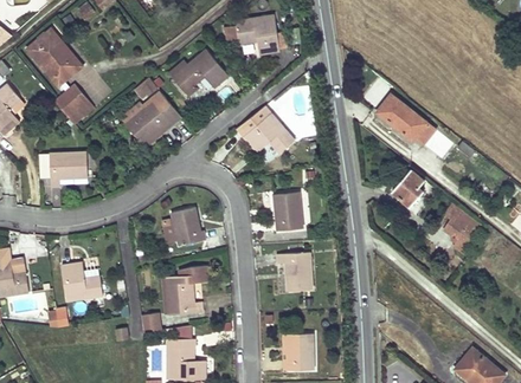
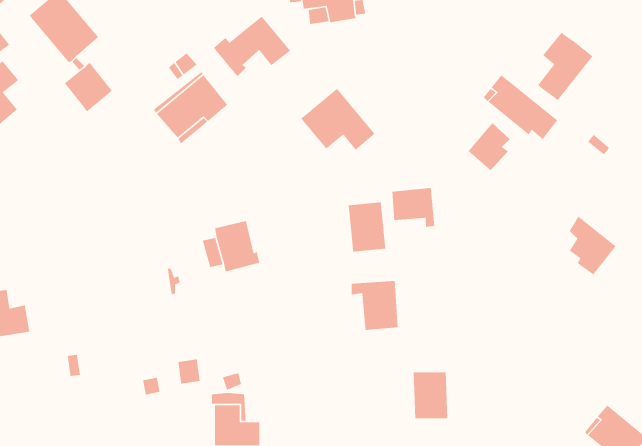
building: none -> [537,31,594,101]
building: [47,150,86,187] -> none
building: [391,168,424,206] -> [467,122,510,171]
building: none -> [391,187,435,228]
building: [60,261,102,300] -> none
building: [165,265,207,314] -> none
building: [285,333,313,370] -> [413,371,448,419]

